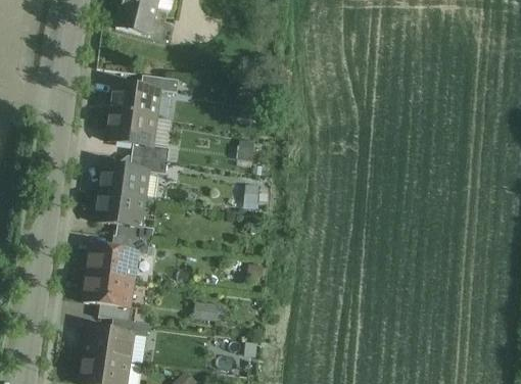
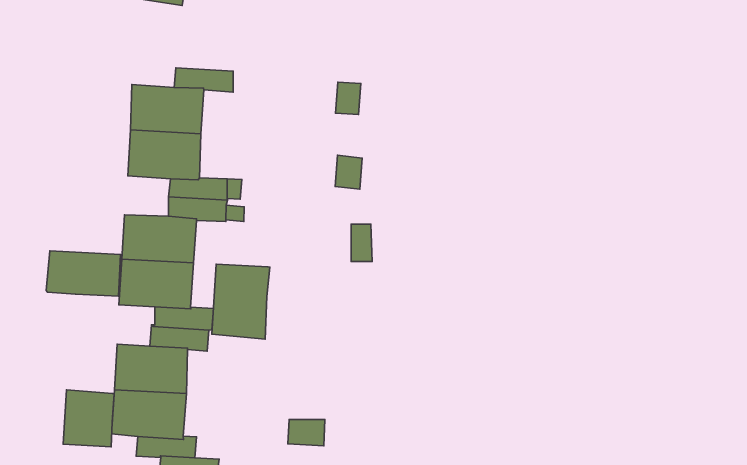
building: none -> [46,251,120,296]
building: none -> [212,264,270,339]
building: none -> [63,390,114,447]

